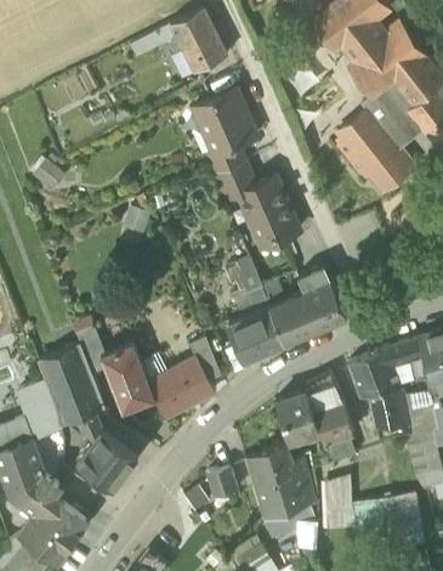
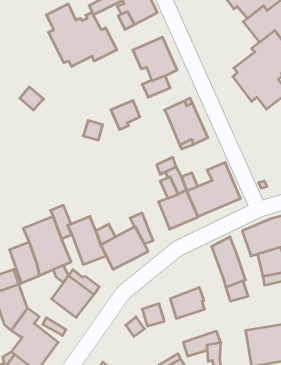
building: none -> [46,4,117,67]
building: [215,160,256,202] -> [111,100,140,130]
building: [276,391,322,442] -> none
building: [255,458,312,521] -> none
building: [320,476,353,530] -> none

